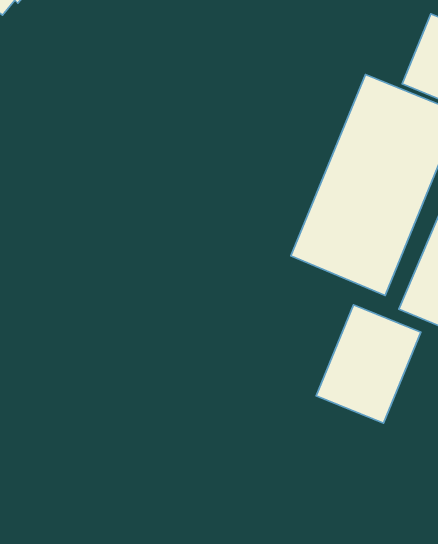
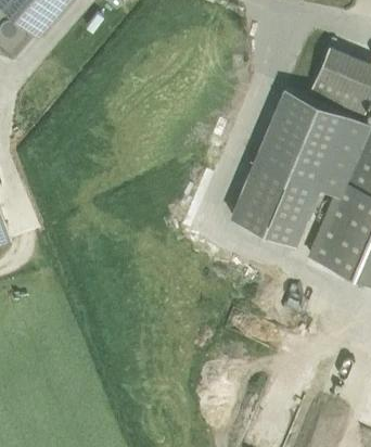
building: [316,305,421,423] -> none

